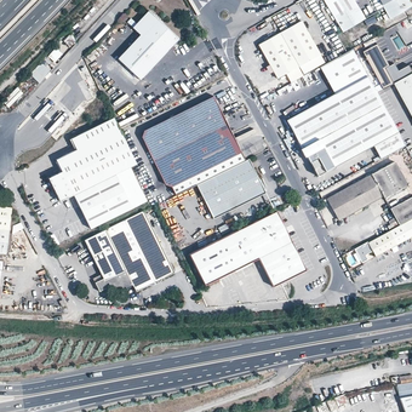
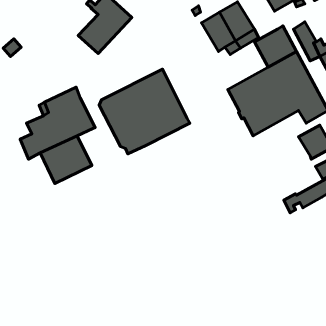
building: [194,159,263,218] -> none
building: [115,165,149,207] -> none
building: [327,174,383,221] -> none
building: [189,208,305,285] -> none
building: [84,210,173,291] -> none

